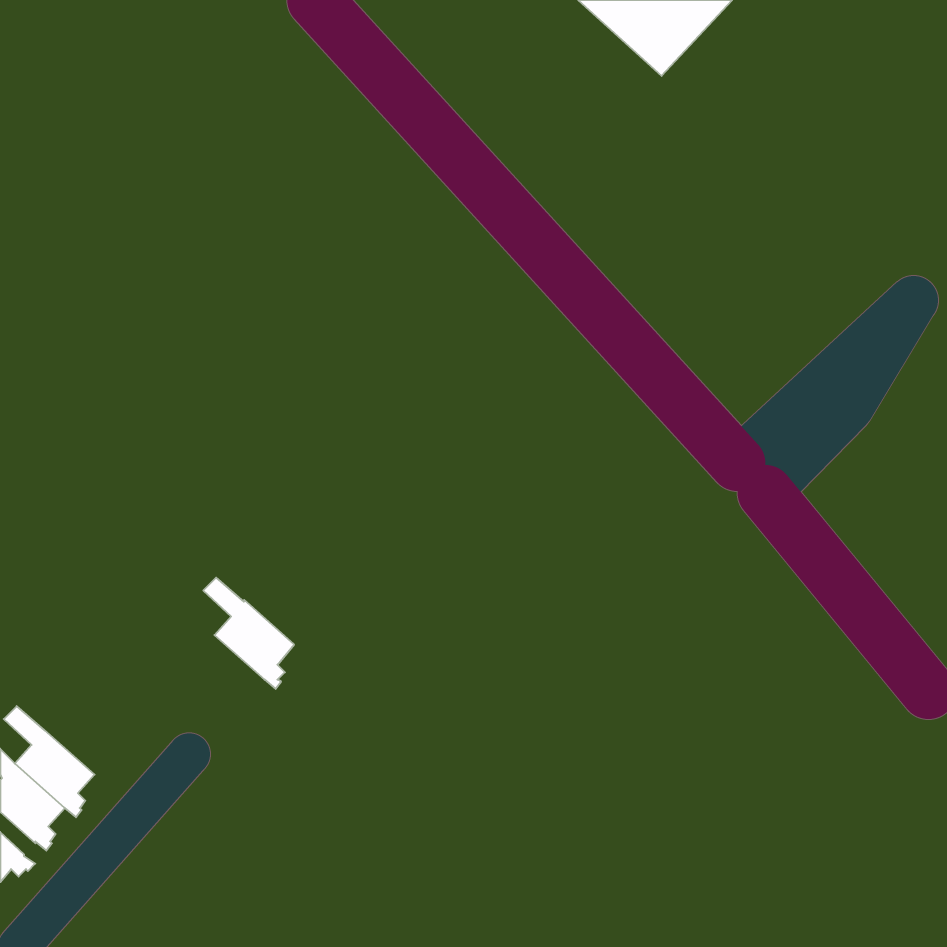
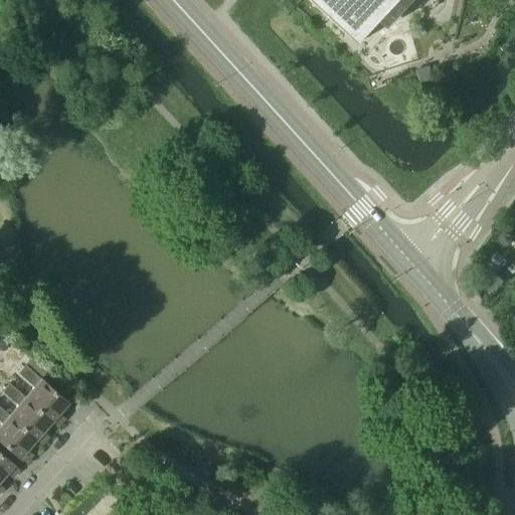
building: [203,578,294,689] -> [18,365,67,425]

